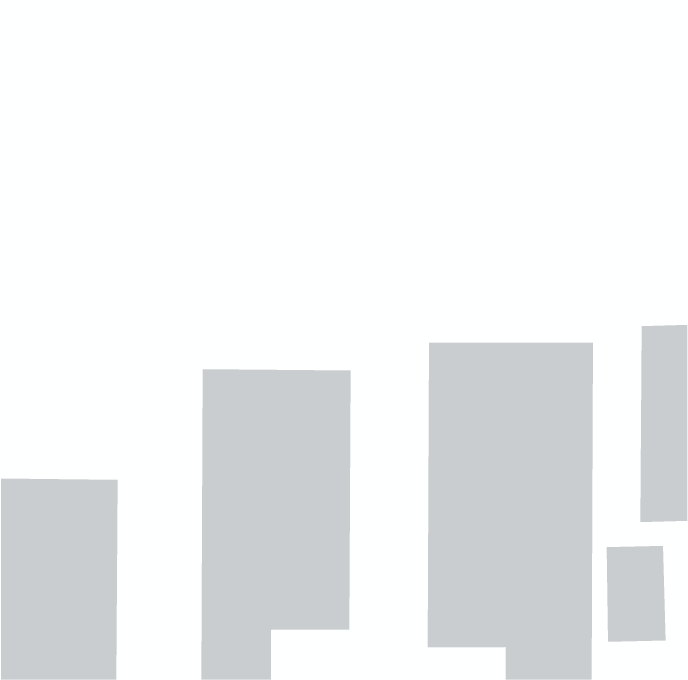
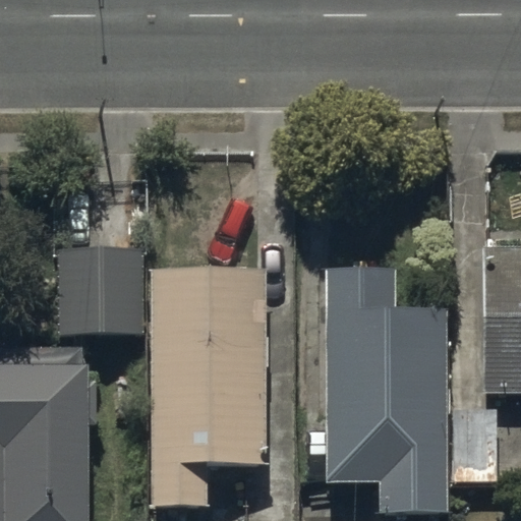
building: none -> [65,262,144,332]

